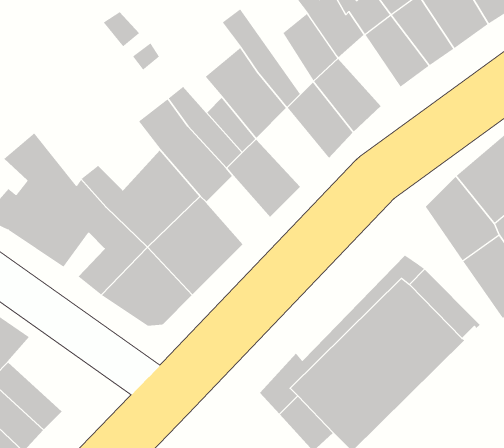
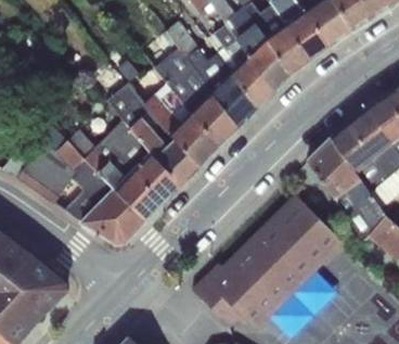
building: none -> [247,39,291,89]
building: none -> [190,90,241,145]
building: none -> [155,138,200,186]
building: none -> [16,251,66,303]

